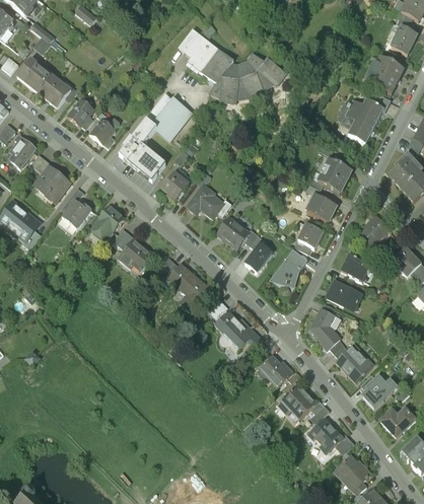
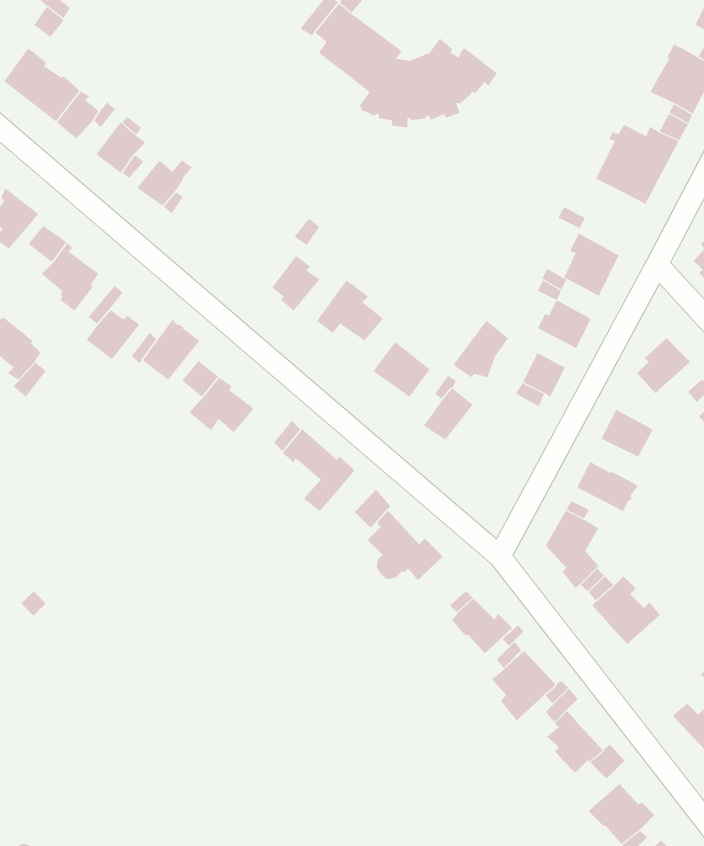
building: [119,94,189,179] -> none
building: [275,249,305,281] -> [453,320,509,378]
building: [362,376,393,408] -> none

